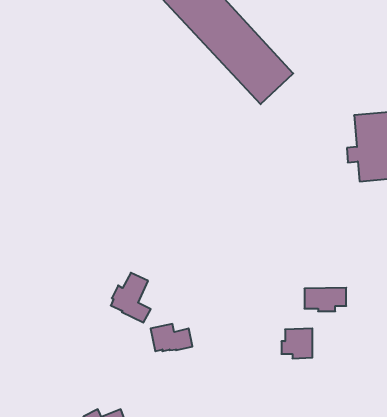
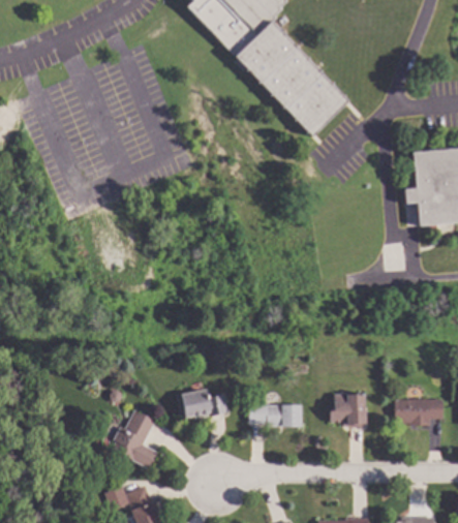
building: [111,273,151,323] -> [113,410,158,467]
building: [304,288,346,311] -> [396,398,444,425]
building: none -> [250,404,303,426]

